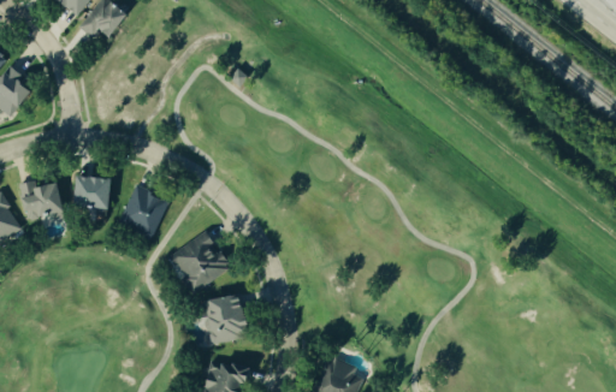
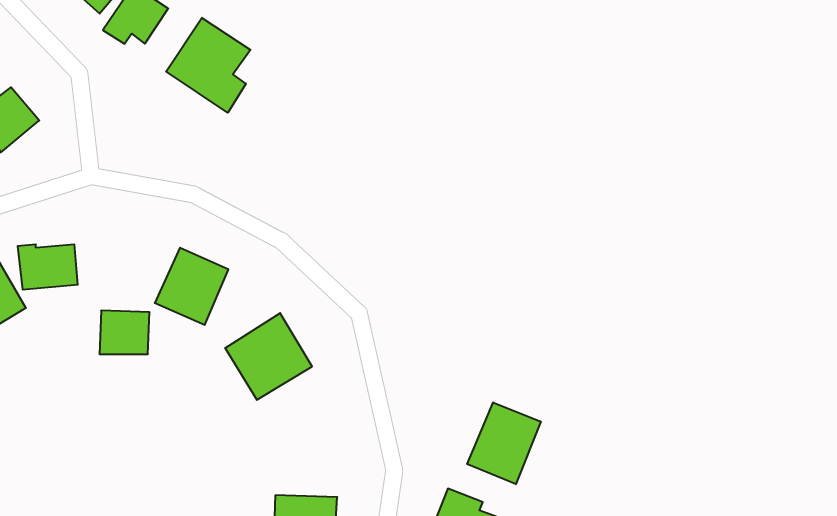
building: none -> [166,18,250,113]
building: [72,176,108,207] -> [99,311,150,354]
building: [199,295,244,343] -> none
building: none -> [467,402,541,484]

